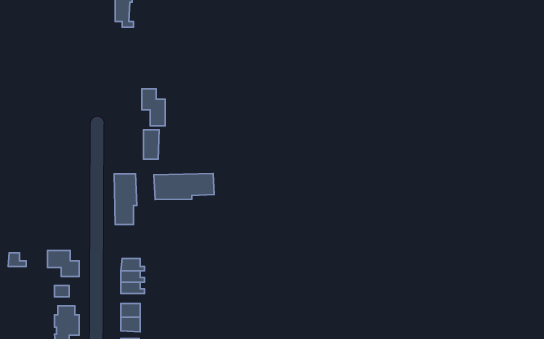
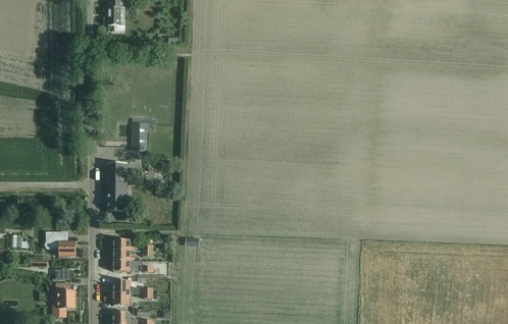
building: [142,89,165,126] -> none
building: [154,174,214,200] -> none

